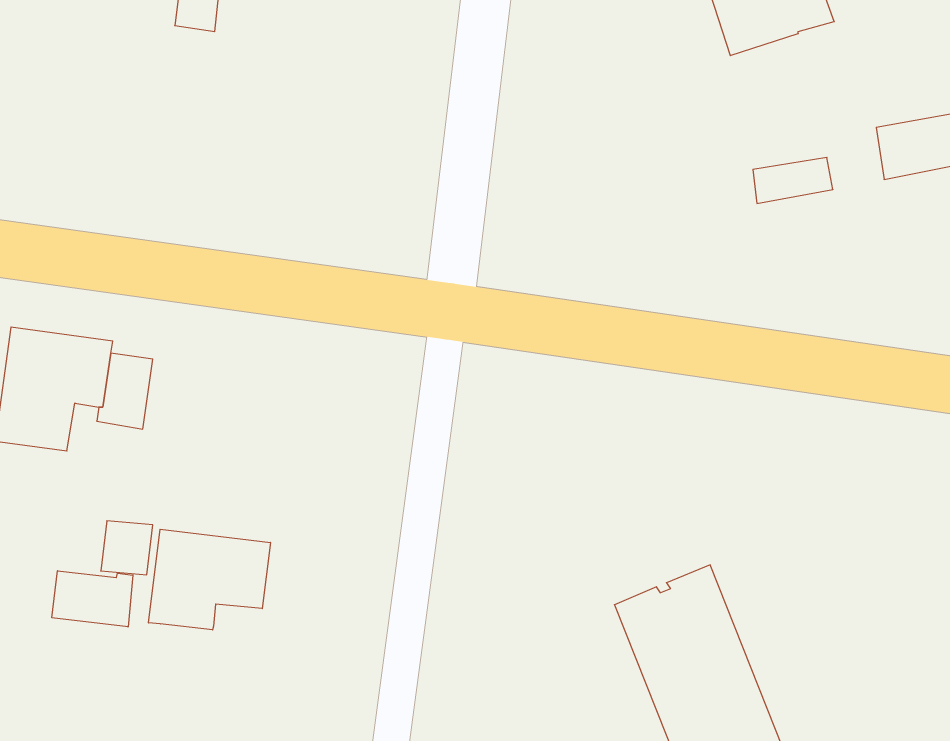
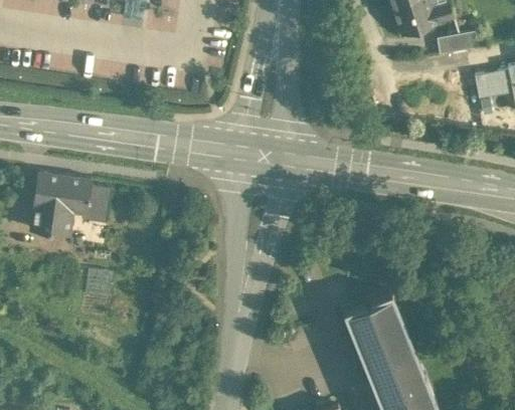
building: [753,157,833,203] -> [436,34,476,57]
building: [149,529,270,630] -> none
building: [52,571,133,627] -> none

